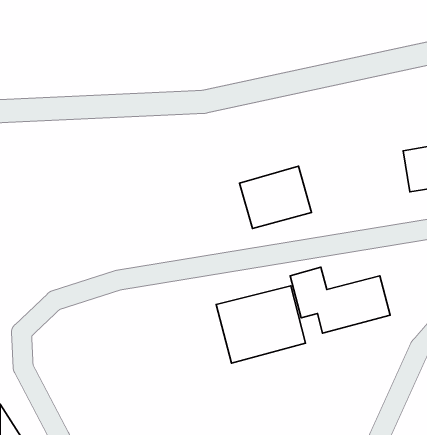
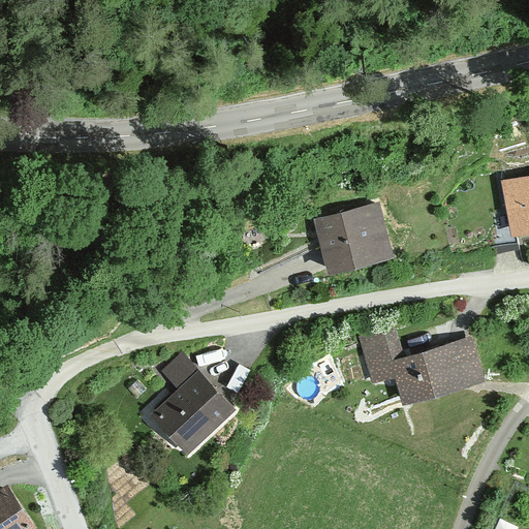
building: [216,286,306,363] -> none
building: none -> [149,354,237,458]

